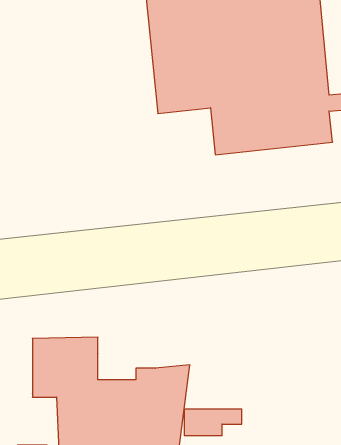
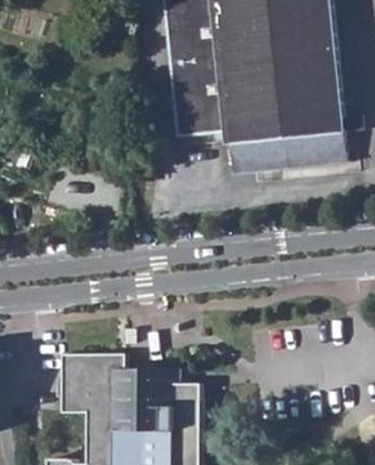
building: [184,409,242,436] -> [120,370,175,395]

